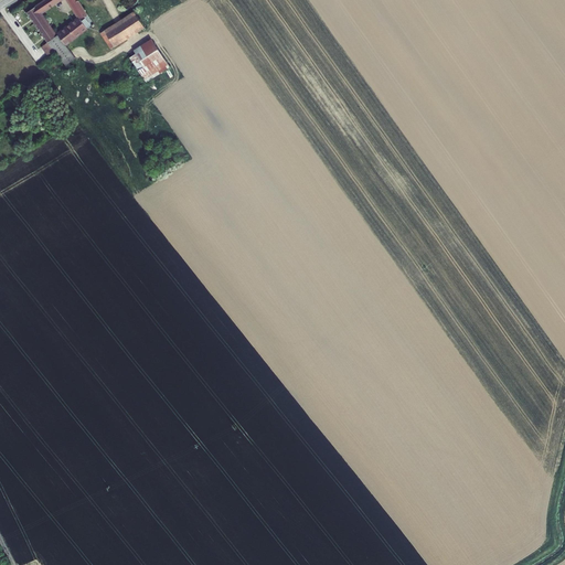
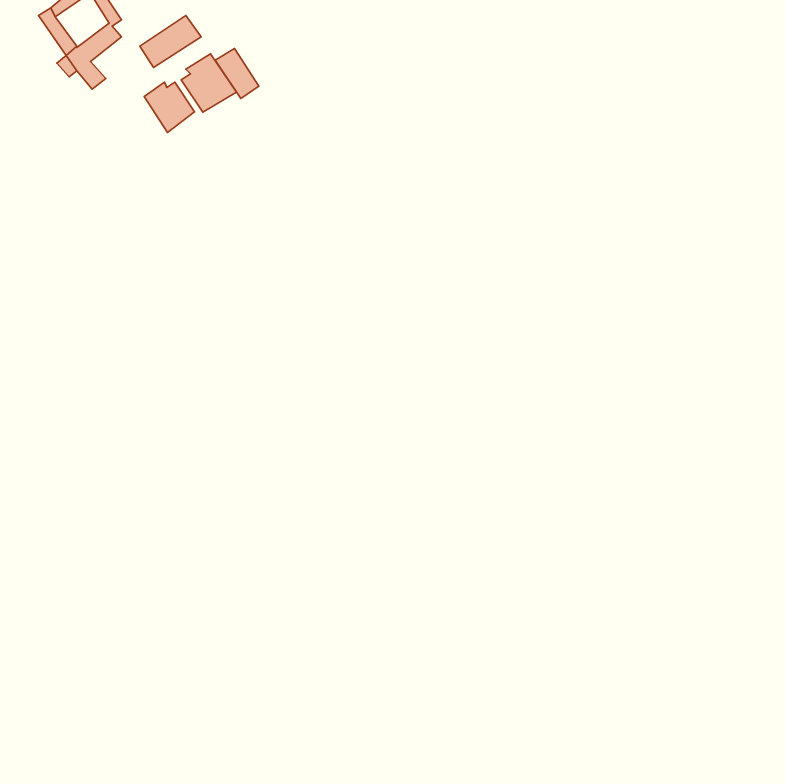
building: none -> [215,49,259,98]
building: none -> [144,82,194,132]

